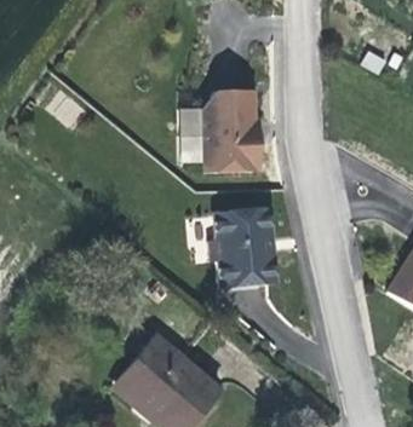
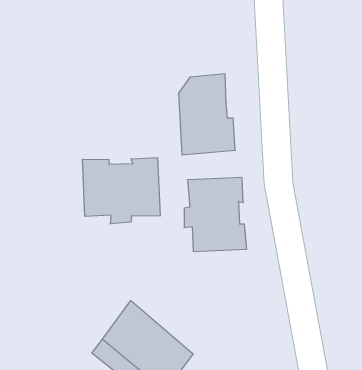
building: none -> [82,158,160,224]

